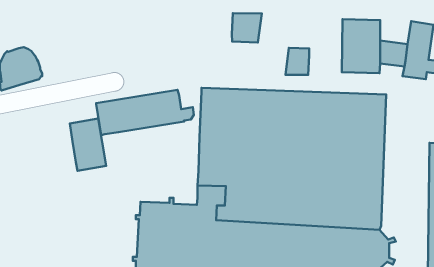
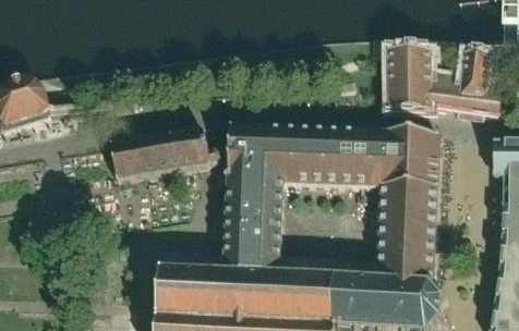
building: [232,13,262,42] -> none
building: [286,48,309,75] -> none
building: [70,119,106,171] -> none

